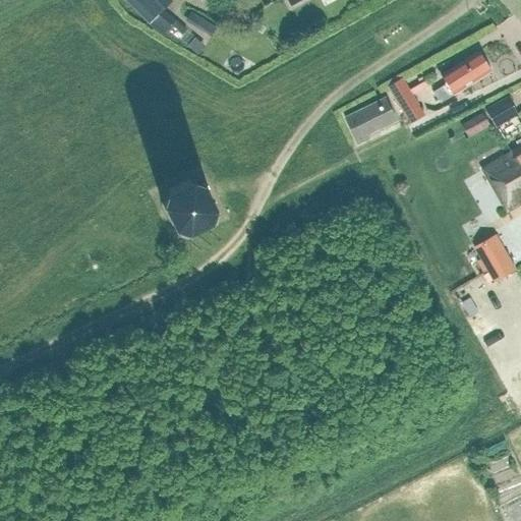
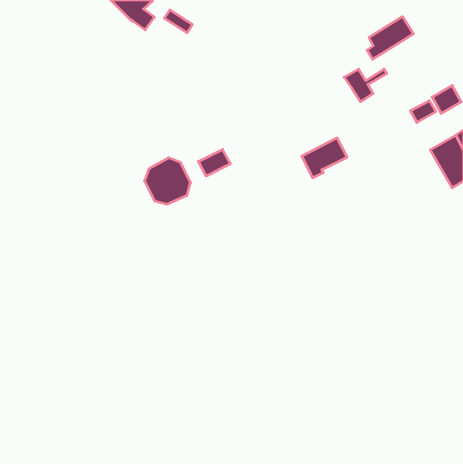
building: [440,51,491,99] -> [367,17,413,59]
building: [346,98,397,142] -> [302,138,347,178]
building: none -> [198,149,230,176]
building: [481,248,515,282] -> none

